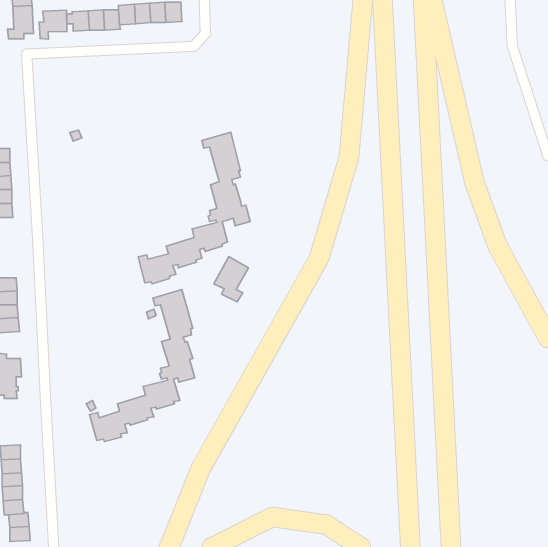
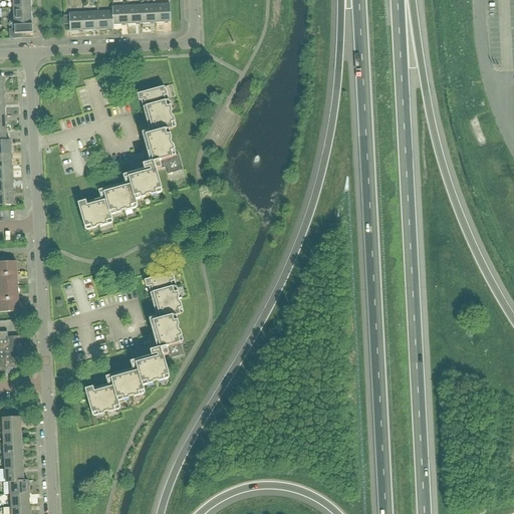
building: [39,10,67,39] -> none
building: [138,132,250,284] -> [76,84,181,226]
building: [214,257,248,302] -> none

